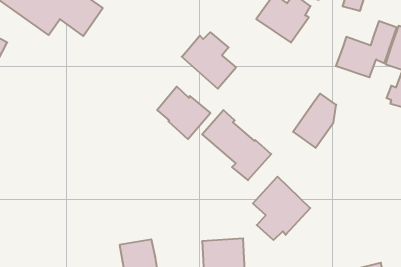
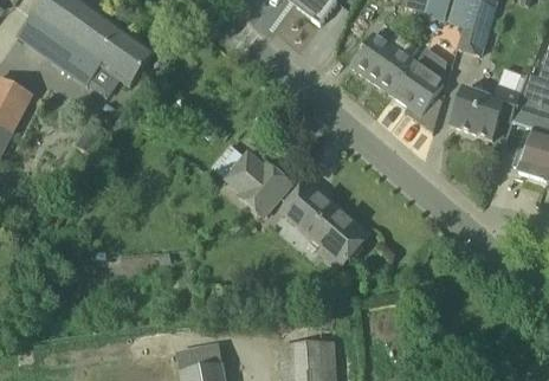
building: [182,32,236,89] -> none
building: [293,94,336,148] -> [393,46,447,115]
building: [253,177,310,240] -> none

